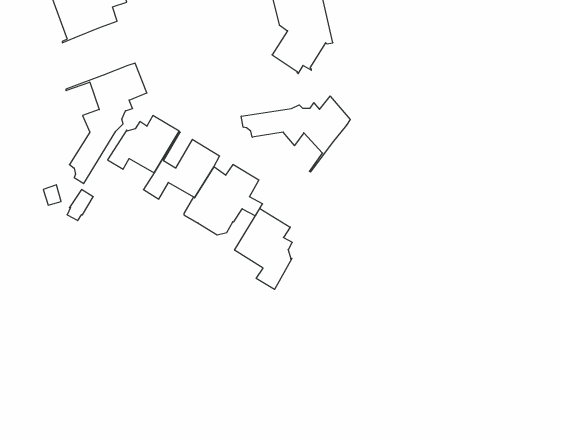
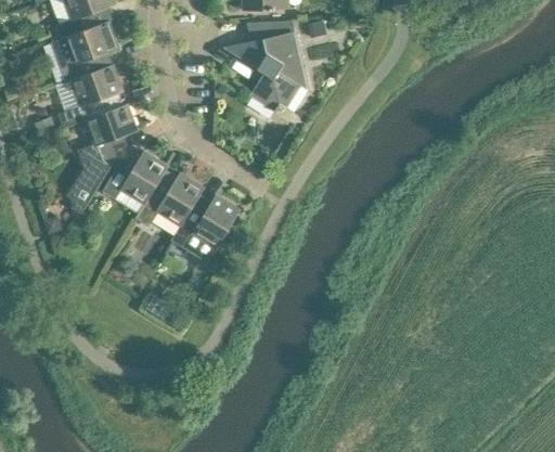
building: none -> [59,62,122,125]
building: [241,96,350,172] -> none
building: [235,208,292,289] -> none

